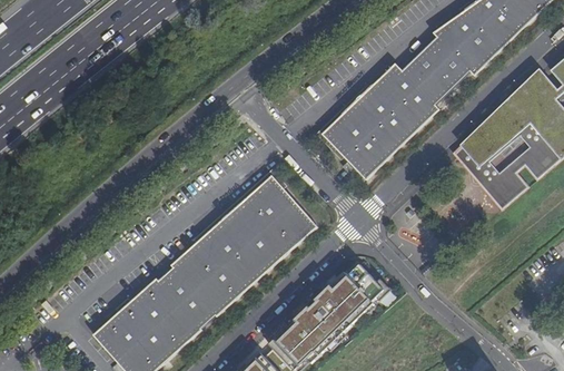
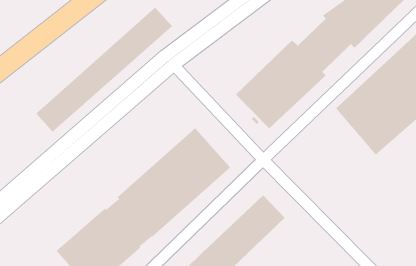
building: none -> [36,7,173,133]

